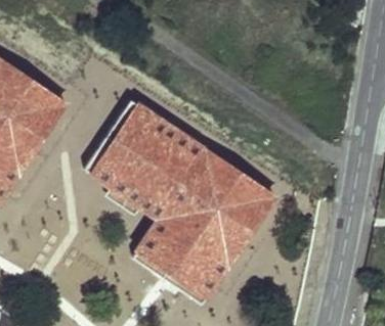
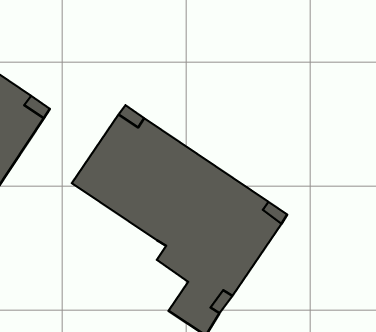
building: [132,219,185,281] -> none

